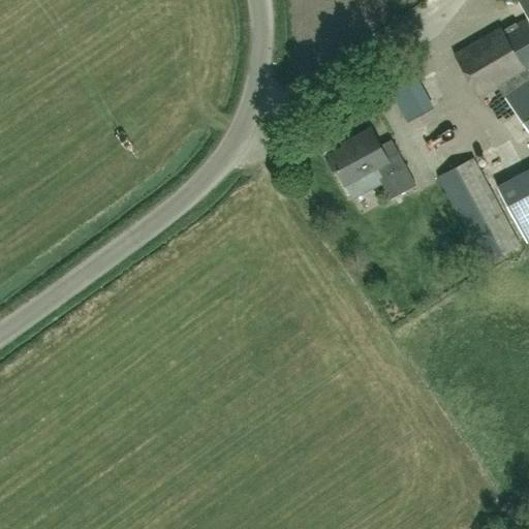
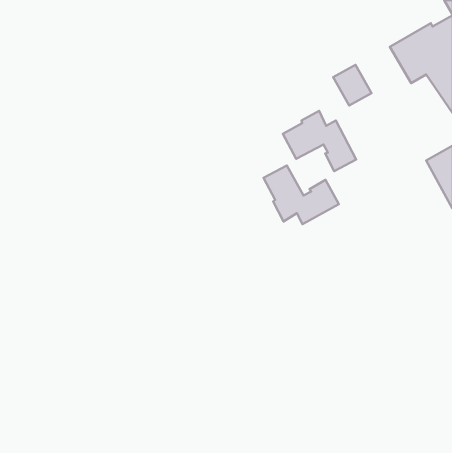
building: [439,159,521,264] -> none
building: none -> [264,165,339,224]

